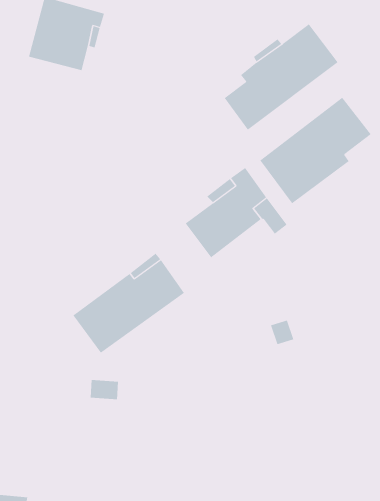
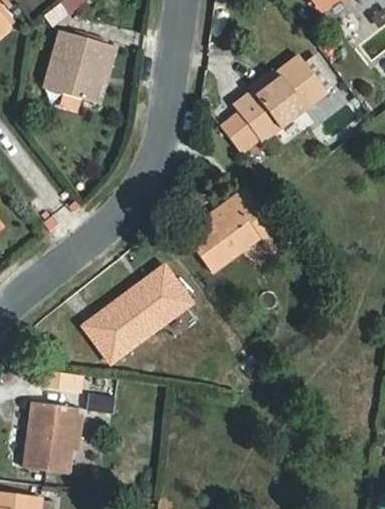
building: [260,97,371,204] -> none
building: none -> [25,401,73,471]

